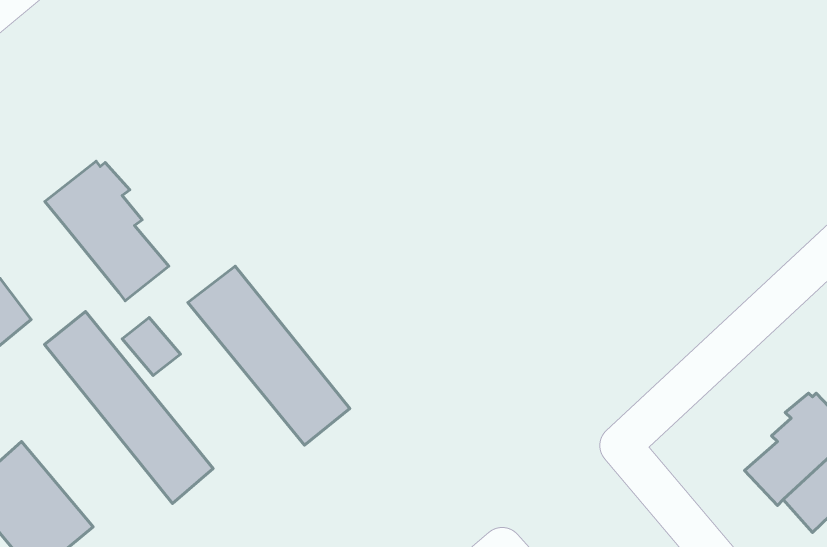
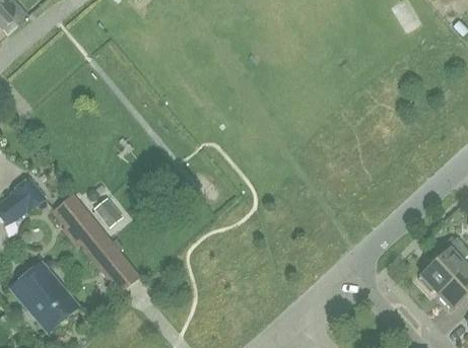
building: [45,161,169,301] -> none
building: [188,266,350,445] -> none

